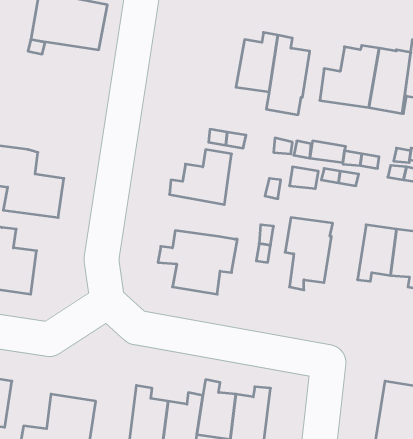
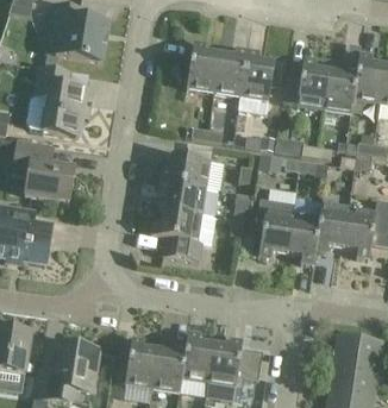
building: none -> [188,40,223,92]
building: none -> [35,65,87,134]
building: none -> [158,180,218,216]
building: none -> [288,205,323,264]

